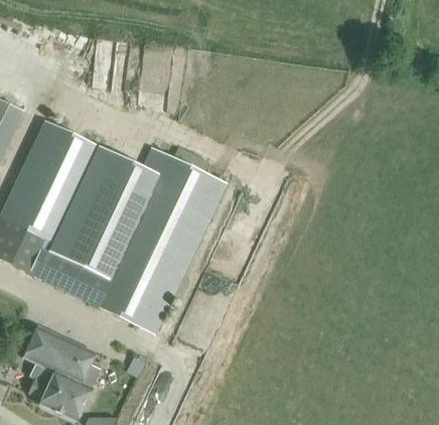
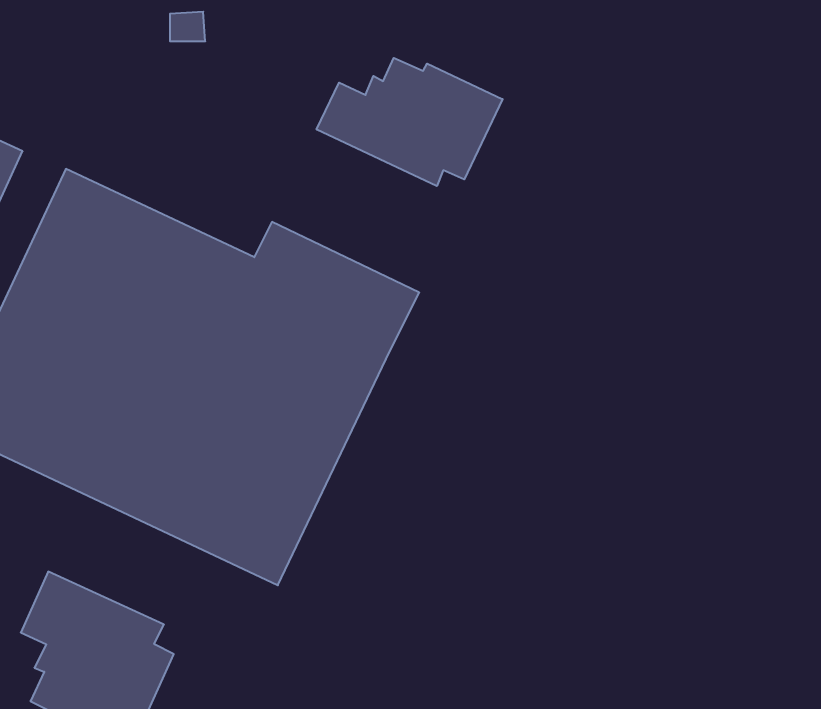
building: none -> [317,58,503,186]

